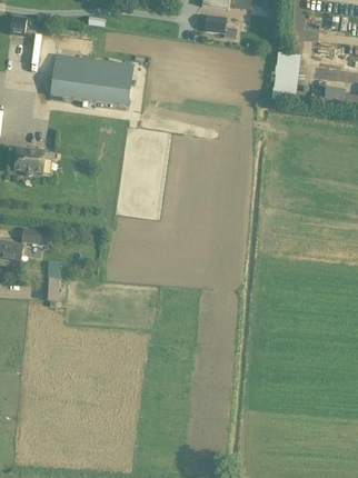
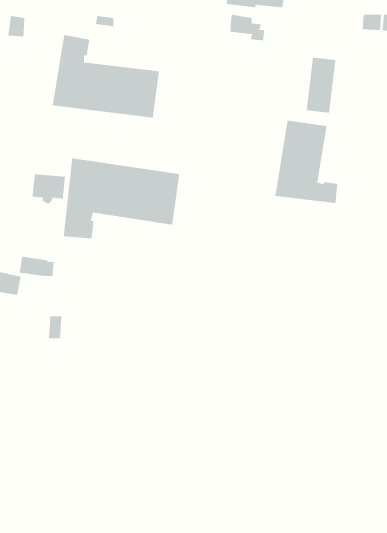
building: none -> [275,120,338,204]
building: none -> [63,157,180,239]

